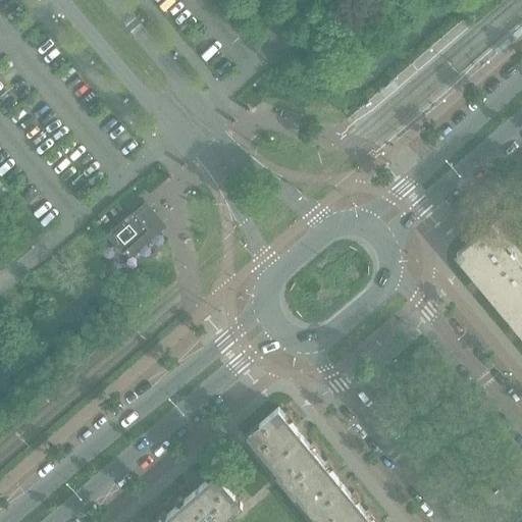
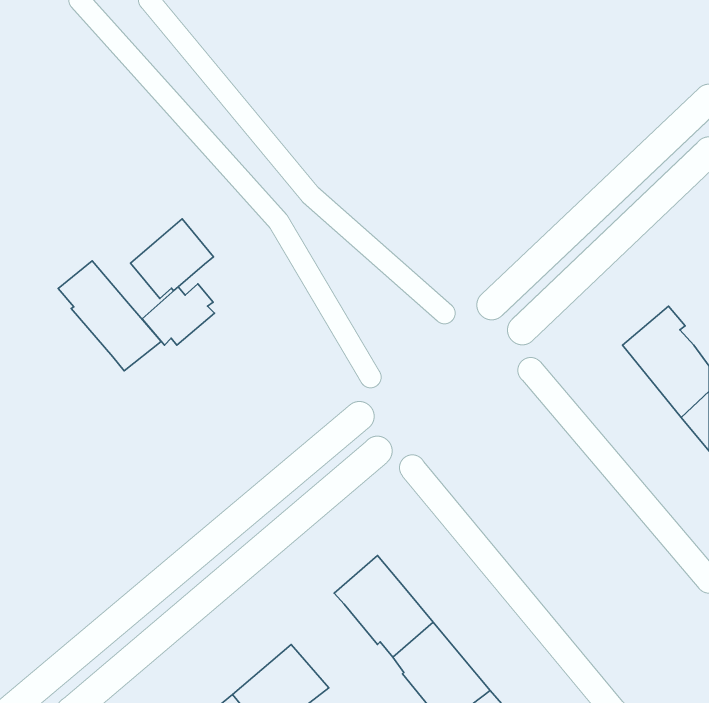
building: none -> [130,219,214,298]
building: none -> [58,261,161,371]

